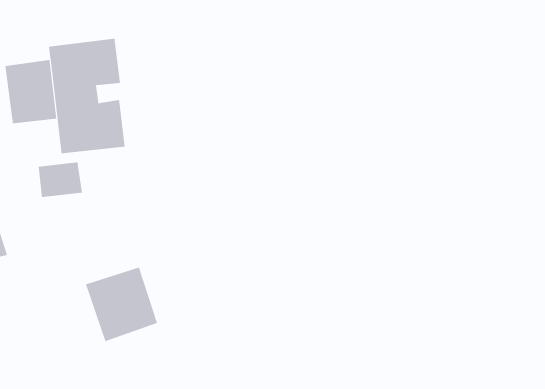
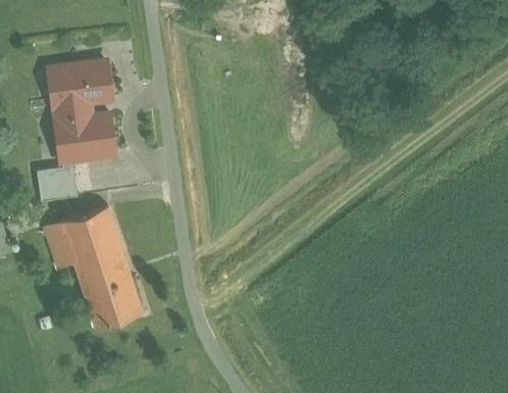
building: [5,59,57,124] -> none
building: none -> [47,208,128,276]

